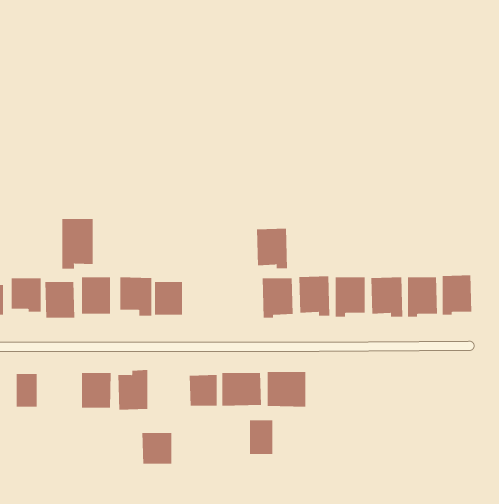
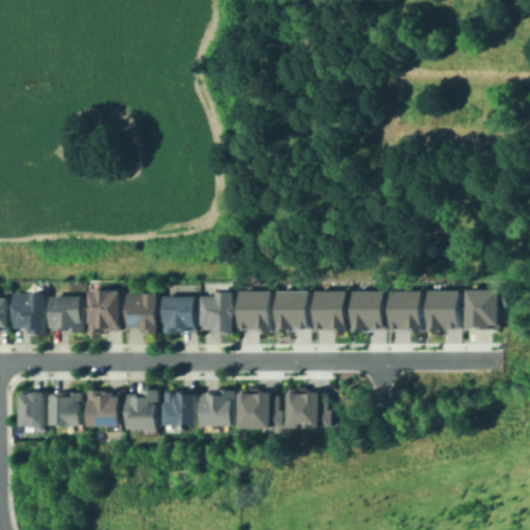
building: [62,218,93,270] -> none
building: [256,228,288,269] -> [236,291,269,333]
building: none -> [198,292,229,334]
building: none -> [48,391,80,423]
building: [250,420,273,455] -> none
building: [142,432,172,464] -> [160,392,193,425]

